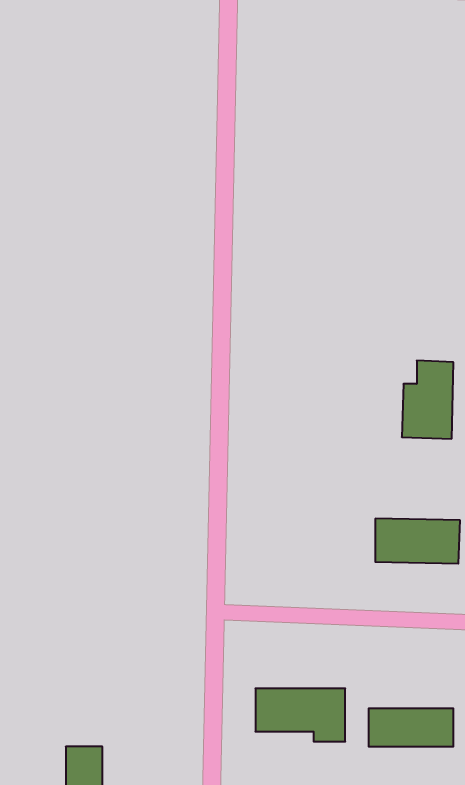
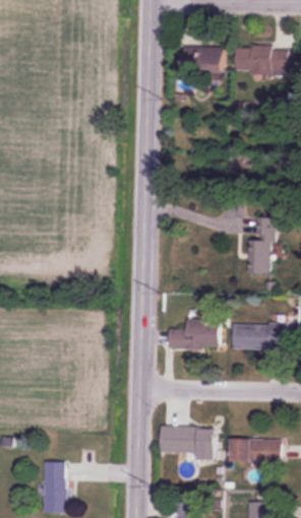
building: none -> [182,47,222,72]
building: none -> [235,47,281,74]
building: none -> [168,318,219,349]

